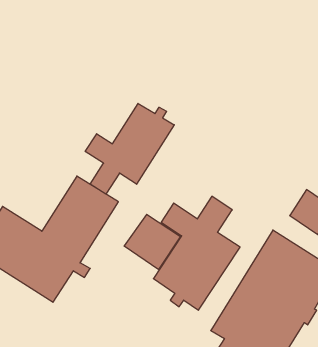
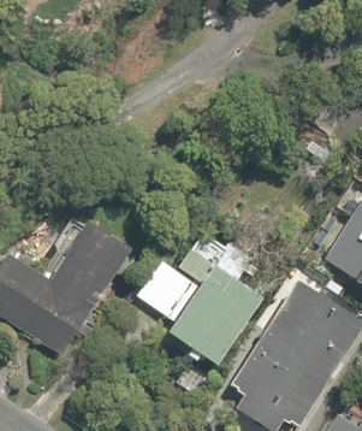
building: [85,103,174,194] -> none

